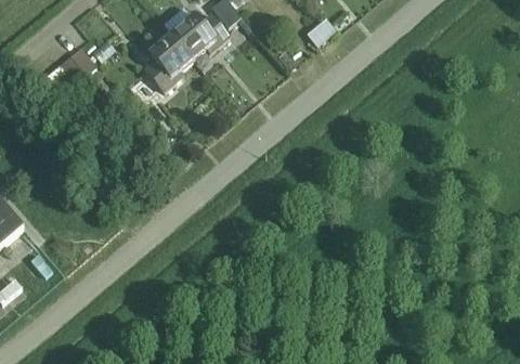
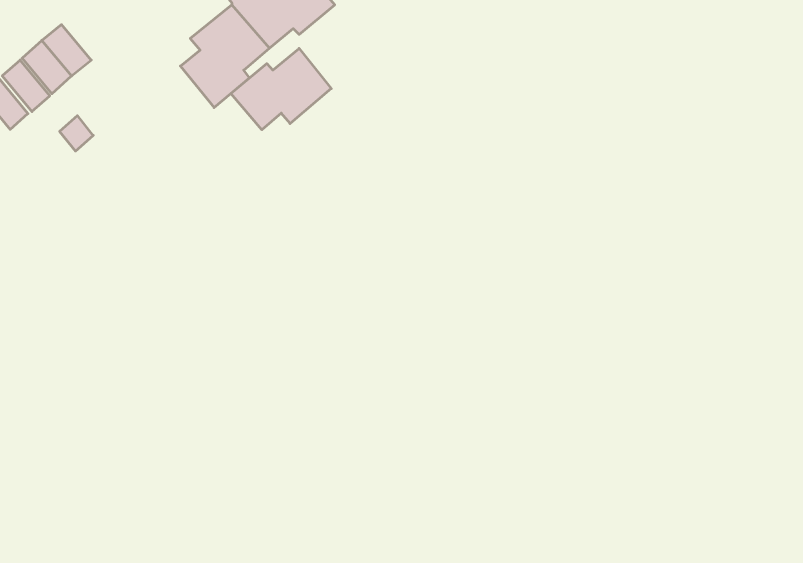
building: none -> [231,48,331,130]

